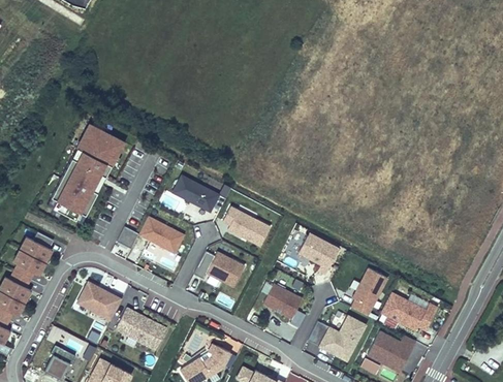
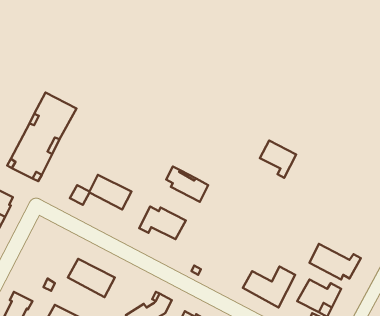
building: [174,174,226,212] -> none
building: [298,234,339,276] -> [260,141,296,178]
building: [352,268,387,316] -> none
building: [77,283,122,321] -> none
building: [263,284,303,319] -> none

